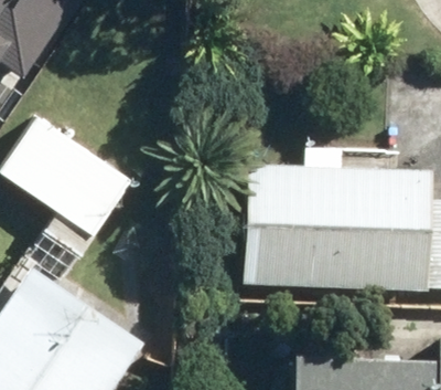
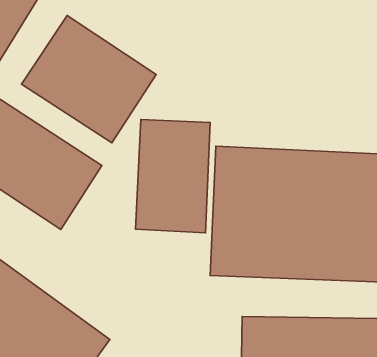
building: none -> [21,15,156,143]
building: none -> [136,119,210,233]

